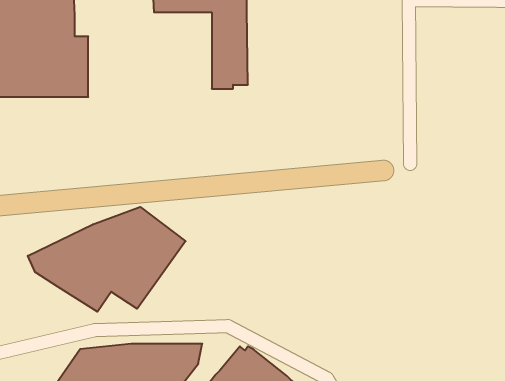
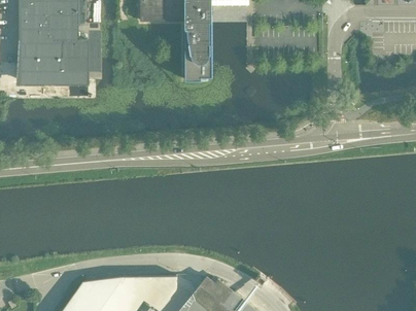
building: [28,207,186,312] -> none

